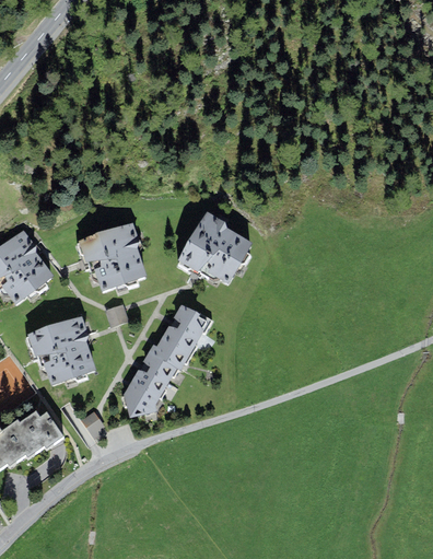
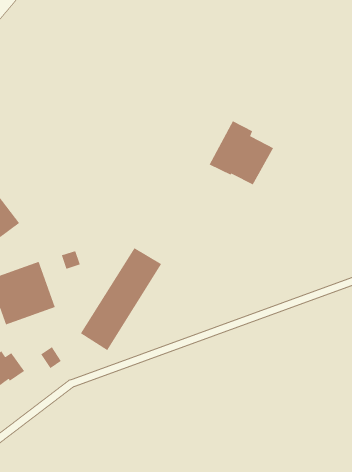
building: [178,211,250,283] -> [209,120,274,186]
building: [72,224,143,287] -> none

